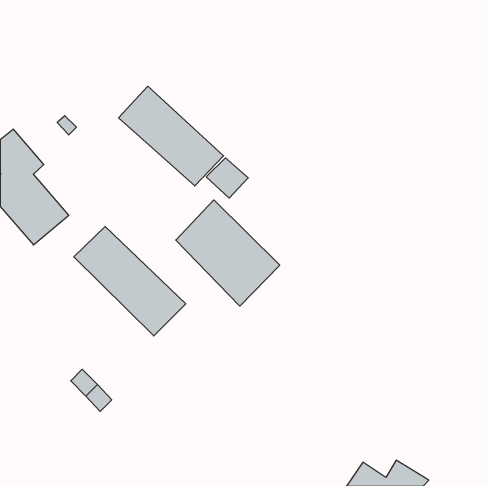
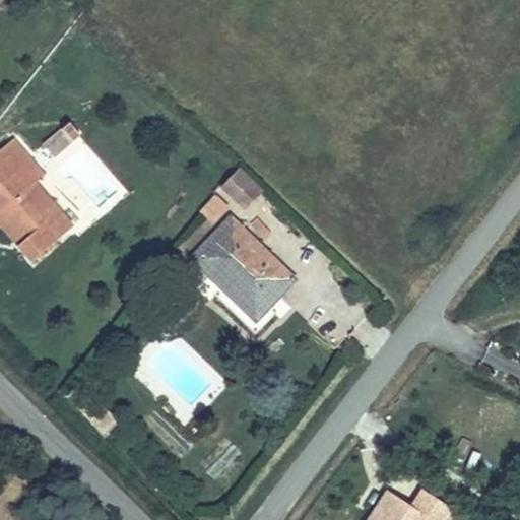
building: [119,86,224,186] -> none
building: [74,227,186,336] -> none

